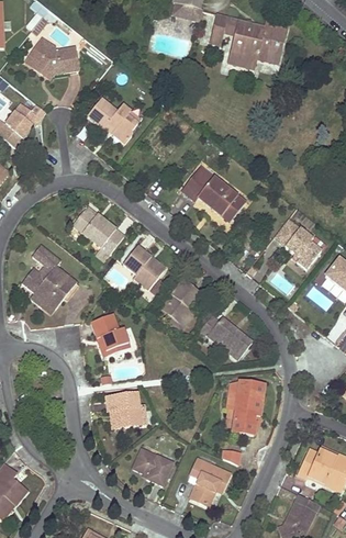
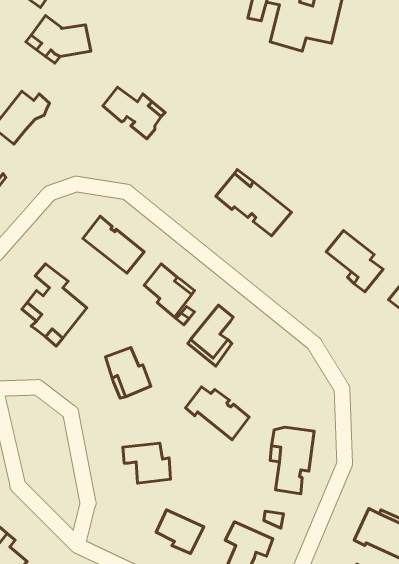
building: [198,314,250,358] -> [186,387,249,440]

